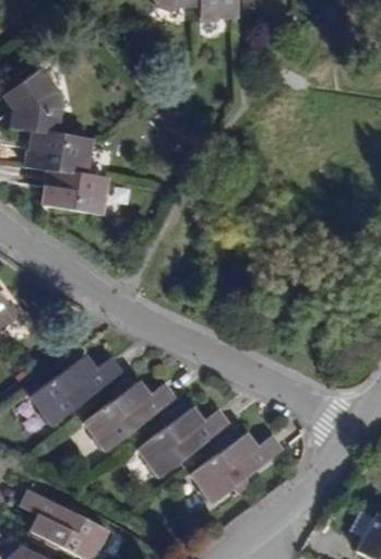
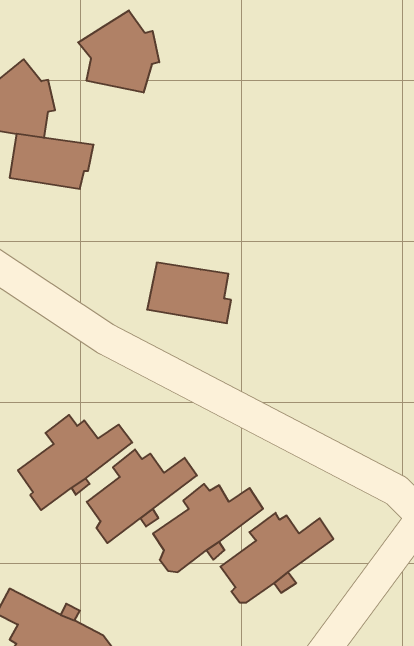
building: none -> [78,10,159,93]
building: [40,167,107,215] -> [147,263,231,323]

